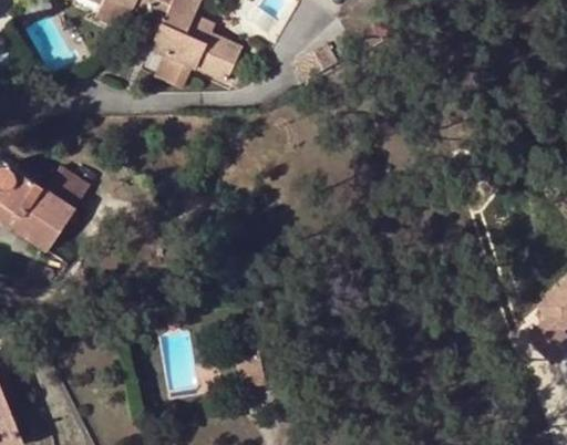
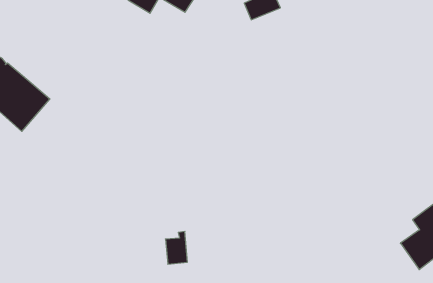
building: [44,165,90,208] -> none

